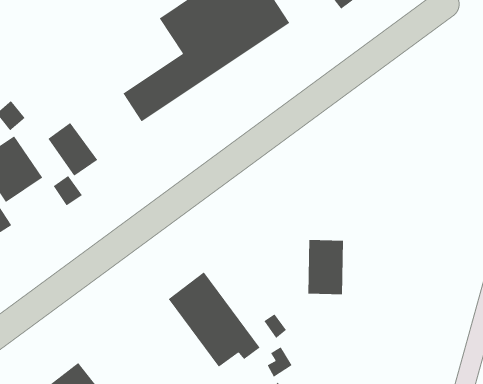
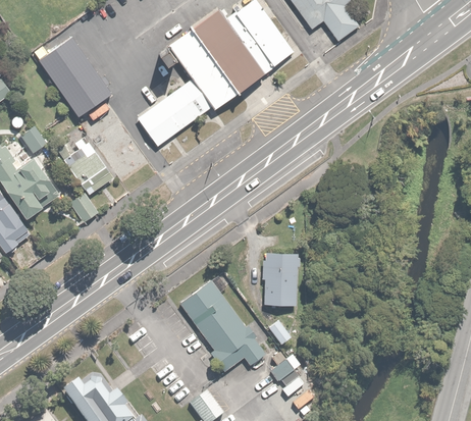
building: none -> [37,39,111,119]
building: [307,240,344,295] -> [264,253,298,304]

